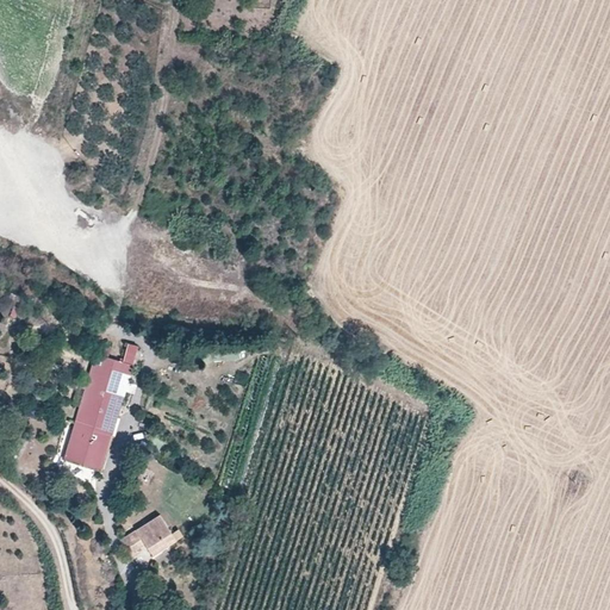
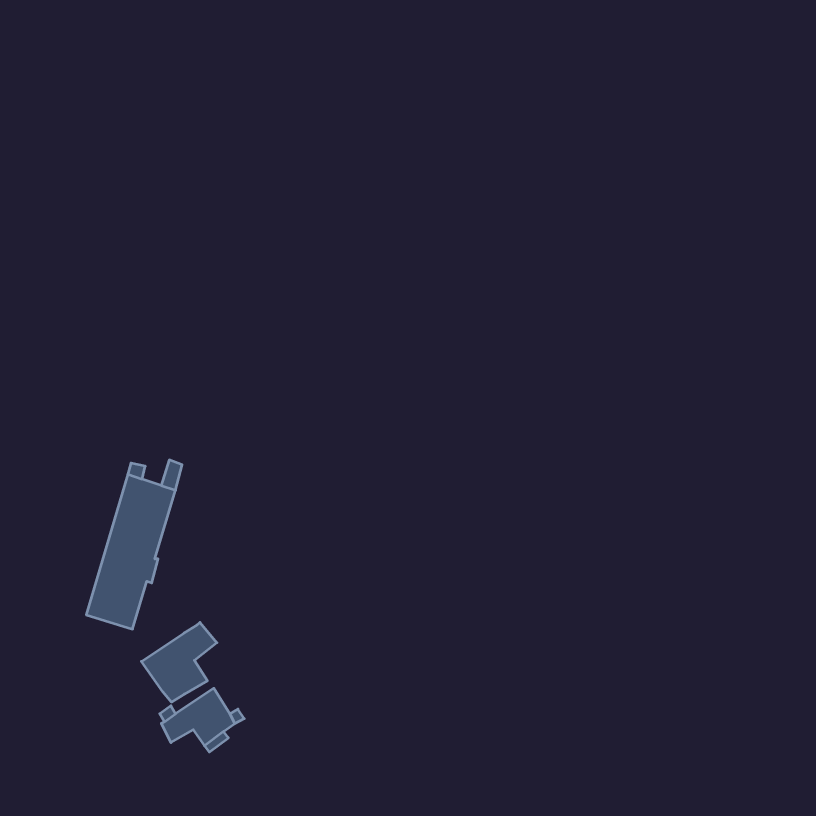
building: none -> [141,622,217,702]

